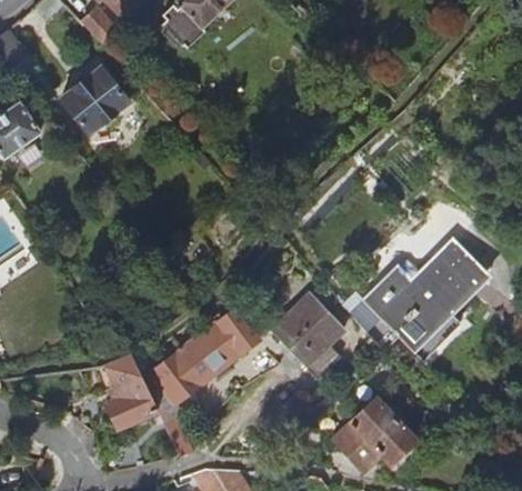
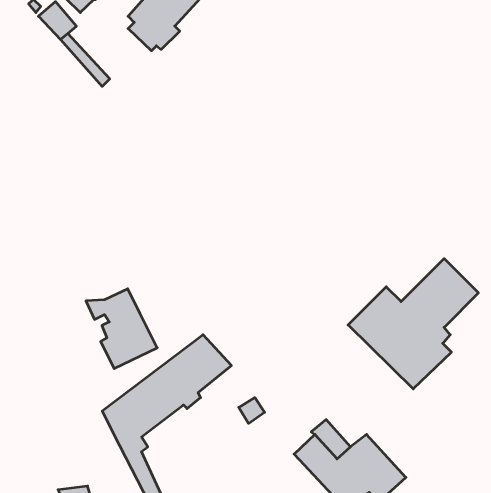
building: [61,68,130,134] -> none
building: [271,282,343,368] -> none
building: [92,357,157,429] -> [86,289,157,369]

